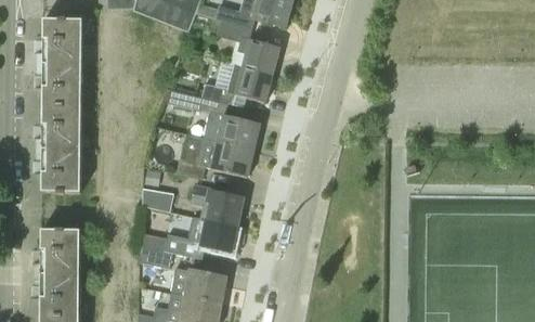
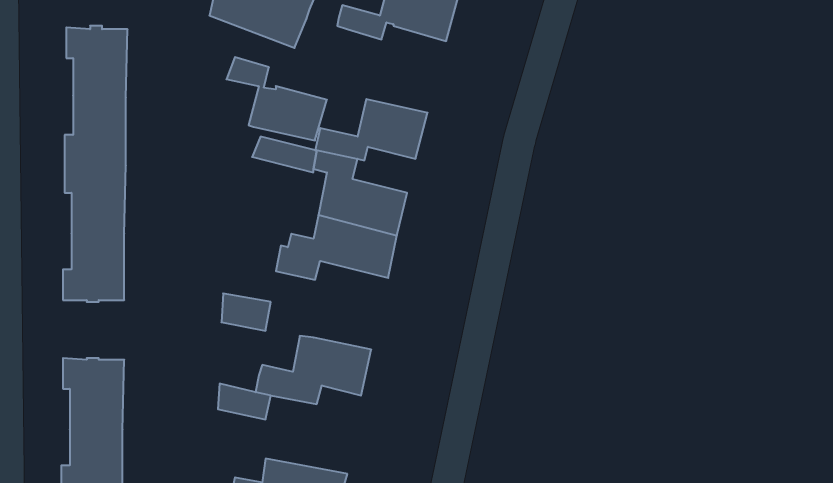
building: [217,20,280,73] -> [226,57,327,141]
building: [191,184,244,223] -> none
building: [170,267,226,302] -> none

